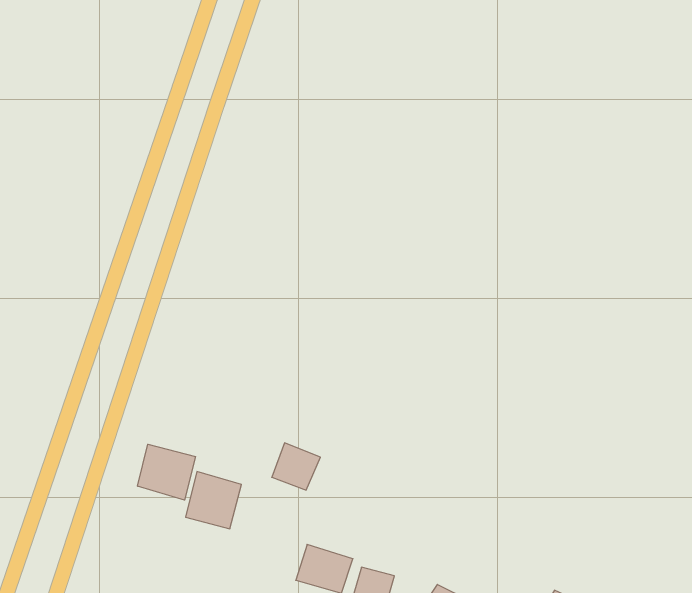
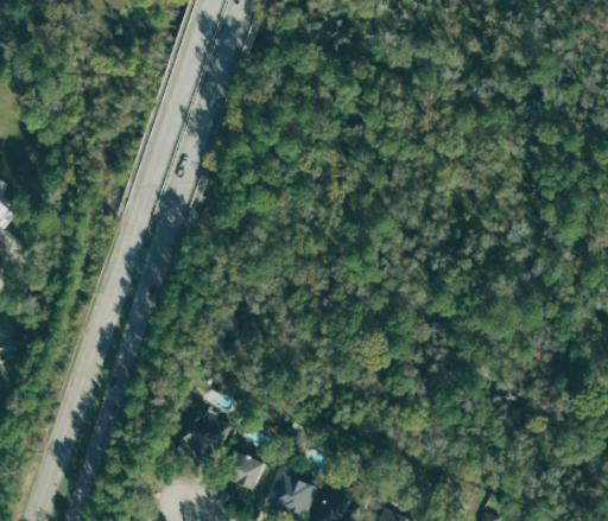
building: [272,443,320,490] -> [222,451,262,490]
building: [138,444,196,500] -> none

